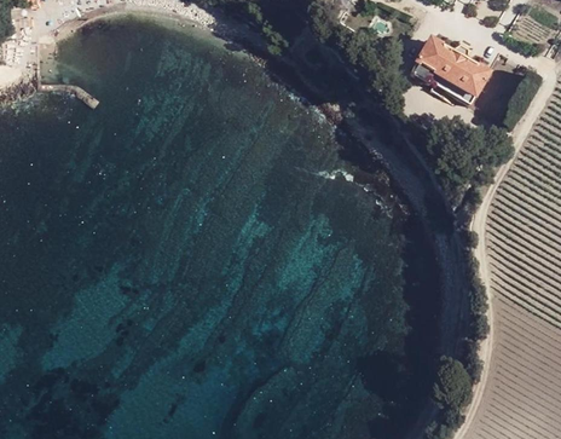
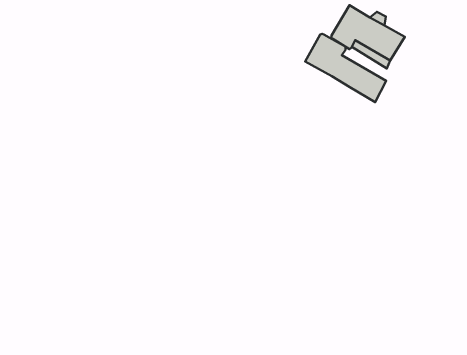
building: none -> [305,34,386,102]

